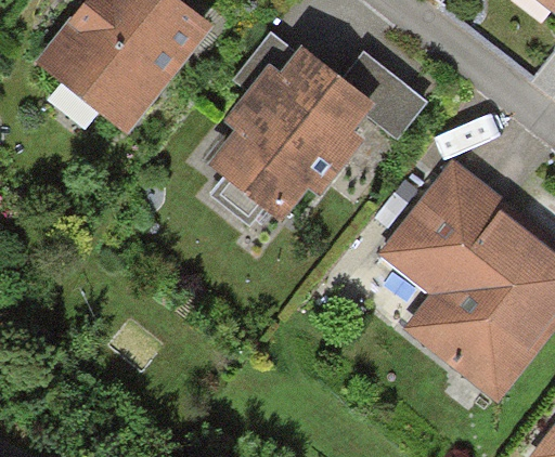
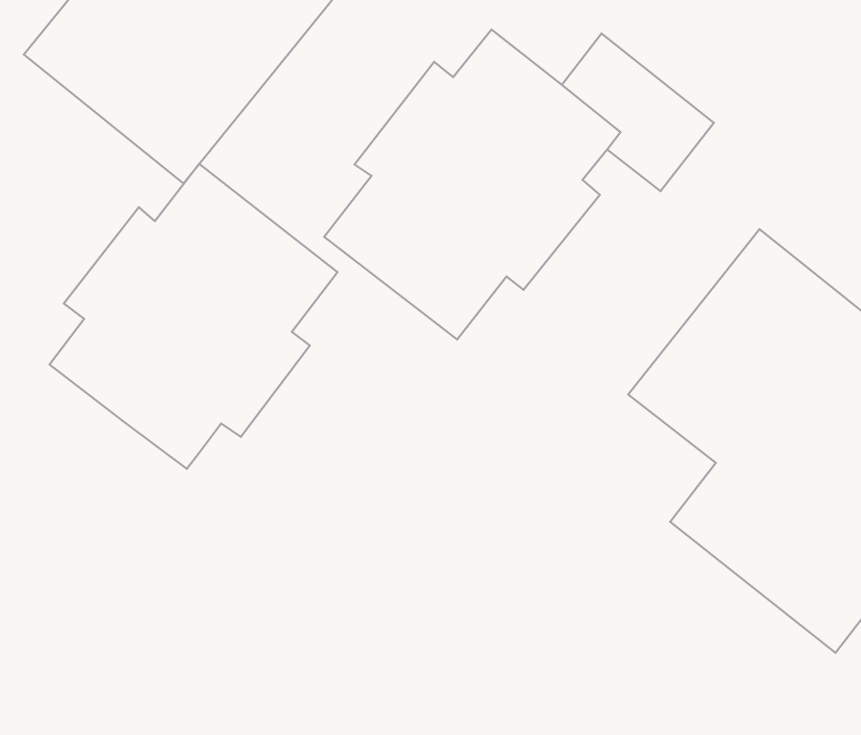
building: none -> [50,164,337,469]

